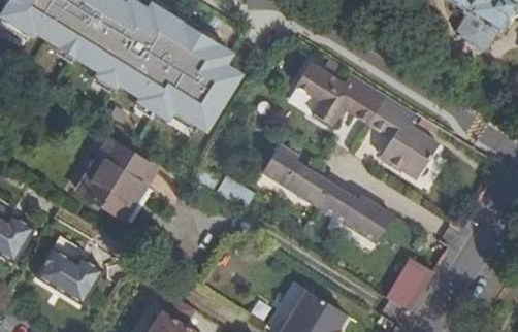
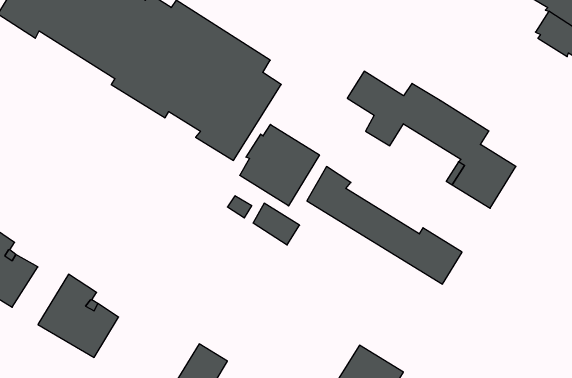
building: none -> [240,124,319,206]
building: [76,140,155,219] -> none
building: [386,258,432,310] -> none

